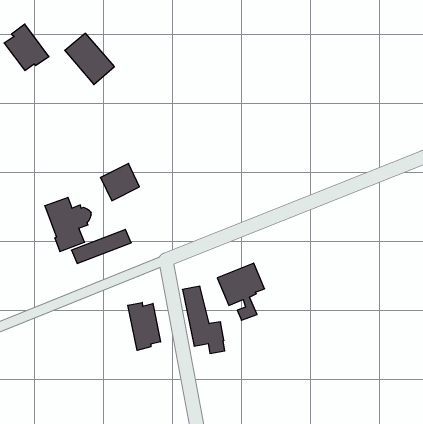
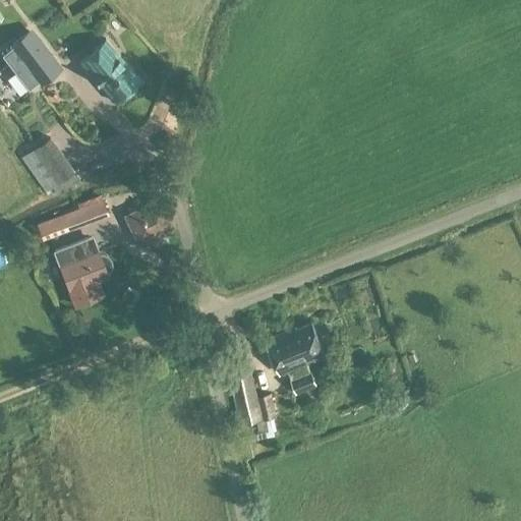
building: none -> [19,136,74,192]
building: [71,229,131,263] -> [35,200,108,242]
building: [128,302,161,350] -> none

